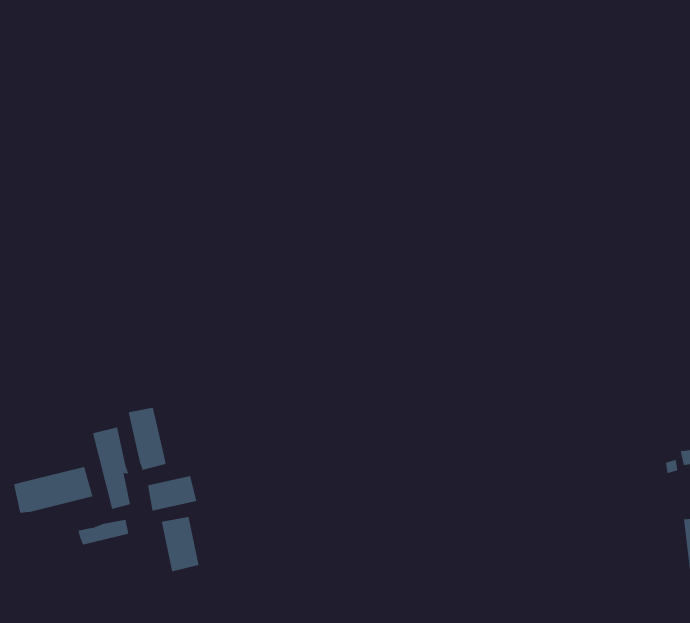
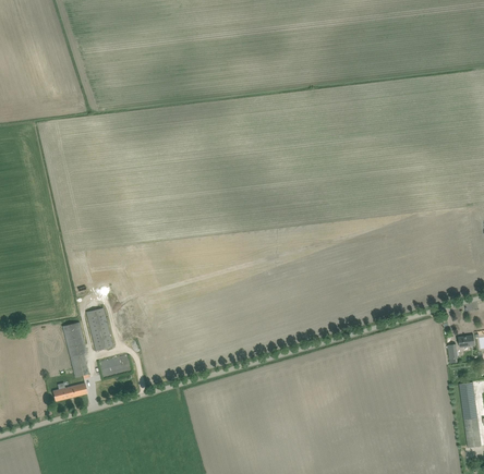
building: [14,466,93,513] -> none
building: [161,516,199,572] -> none

